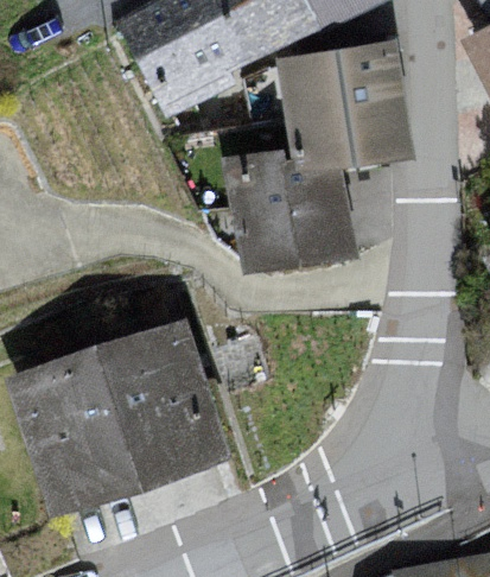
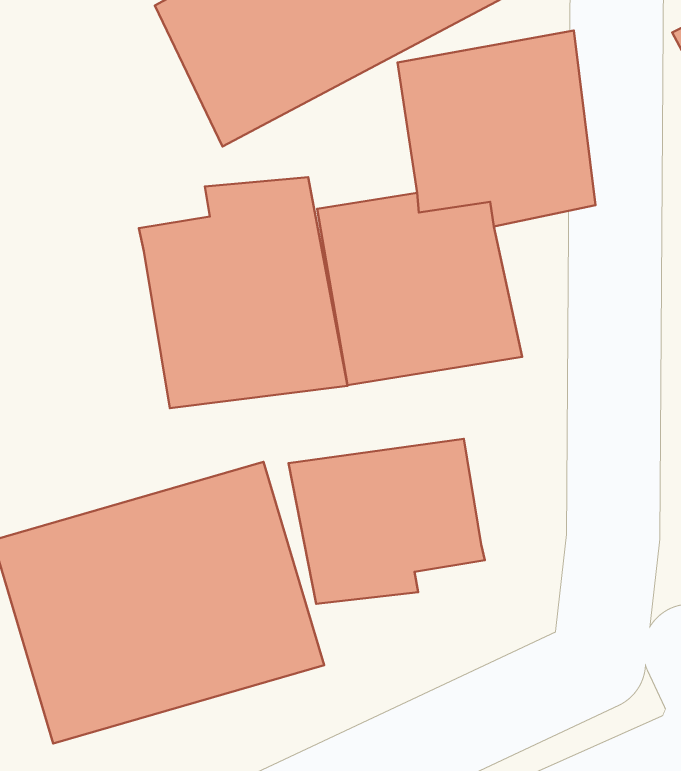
building: none -> [139,177,348,408]
building: none -> [289,439,485,604]

